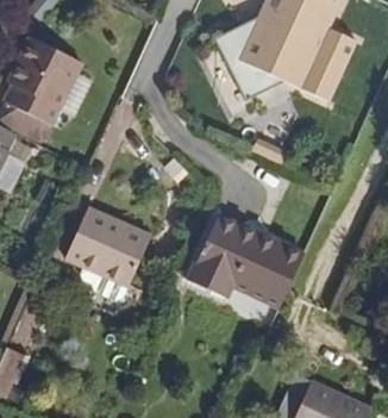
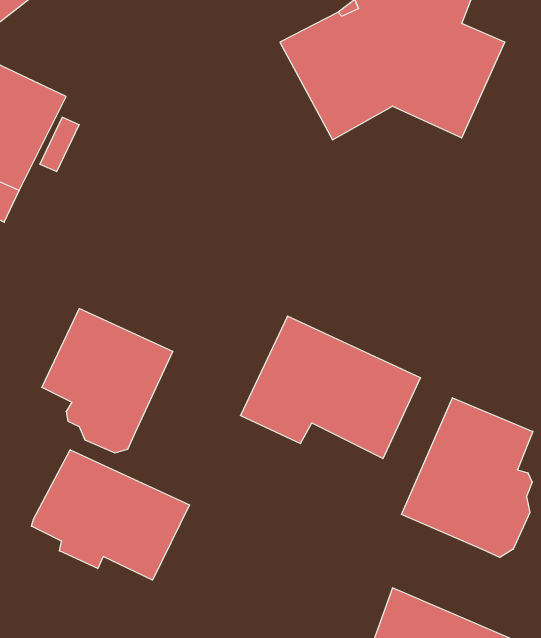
building: none -> [401,398,533,557]
building: none -> [31,450,190,580]

